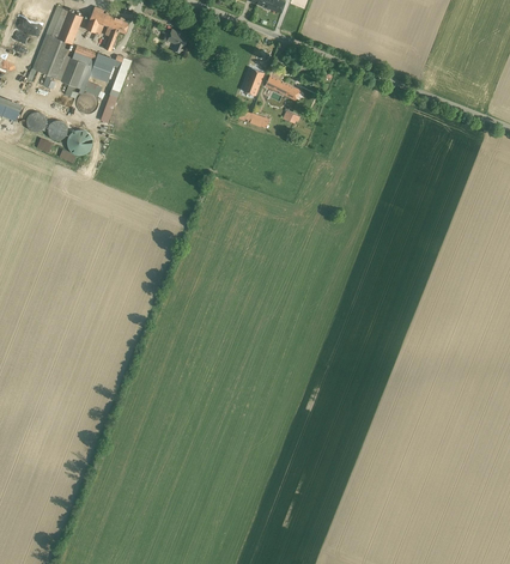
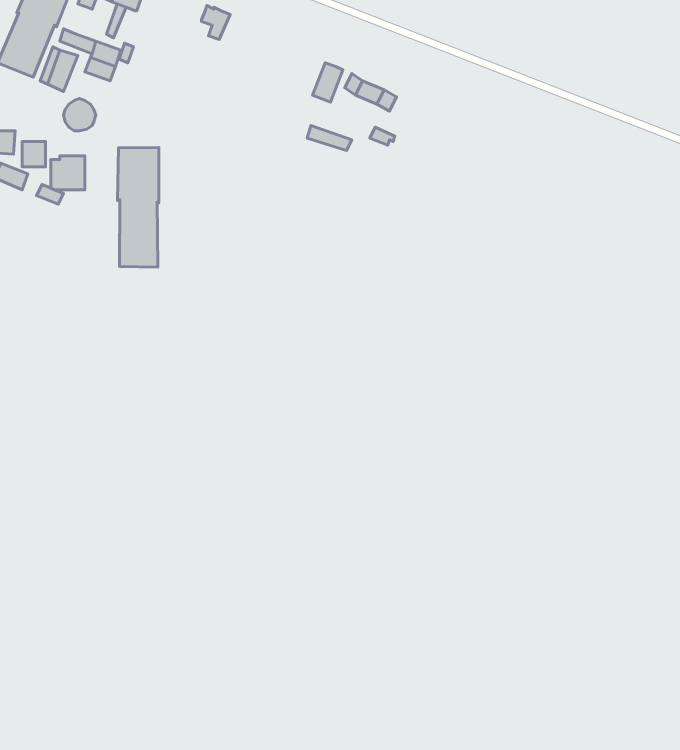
building: none -> [117,147,159,267]

